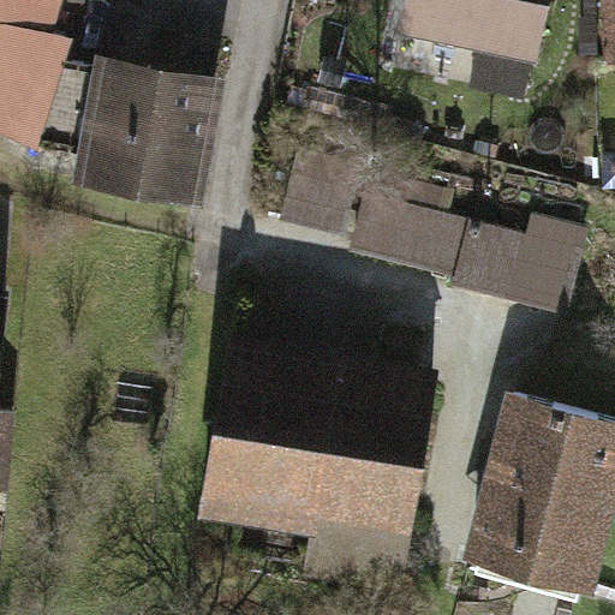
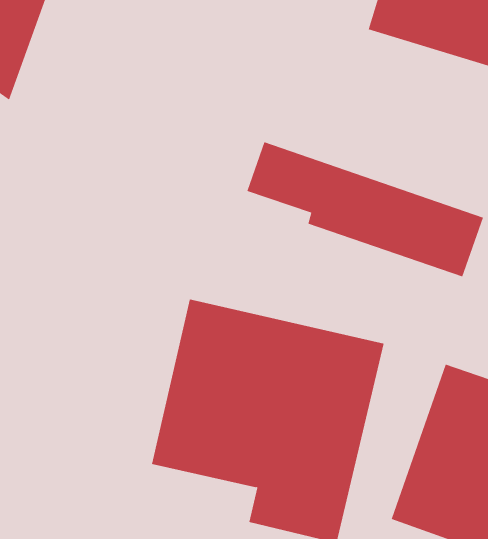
building: [72,56,223,211] -> none

